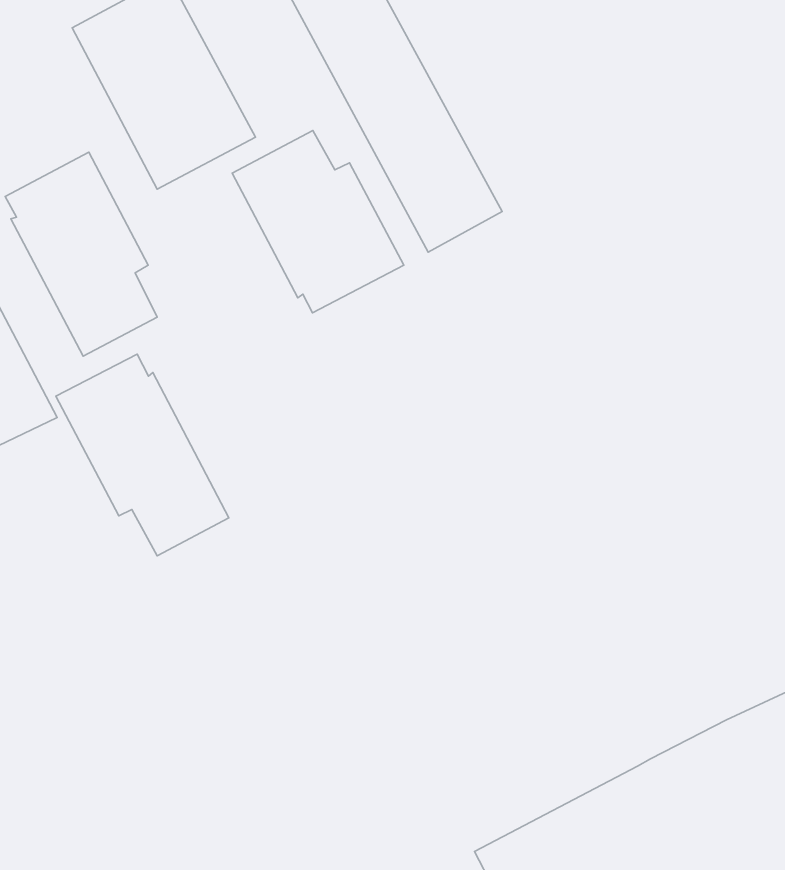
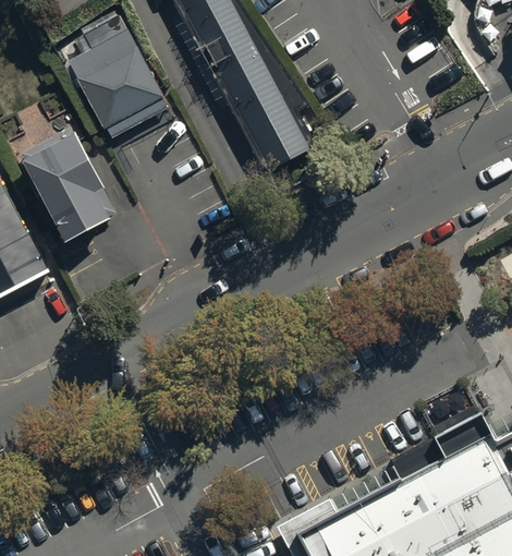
building: [232,130,404,313] -> none
building: [56,354,229,556] -> none

